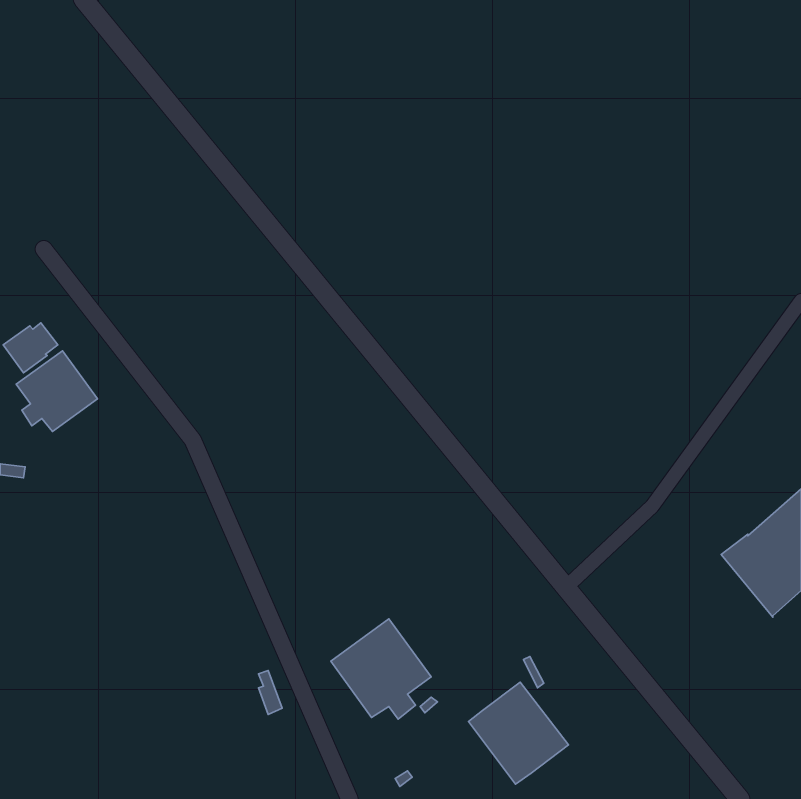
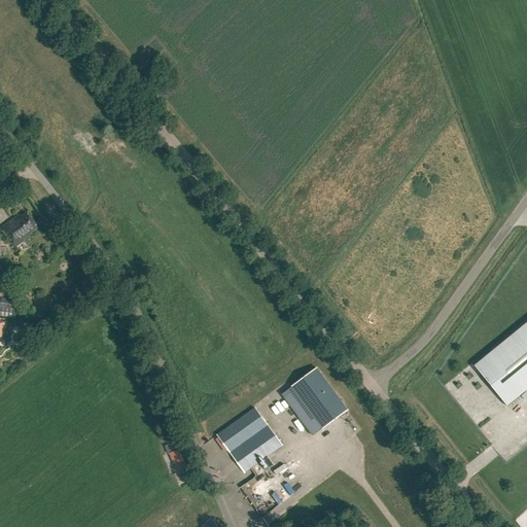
building: [16,351,97,432] -> none
building: [468,682,569,784] -> [282,367,348,434]

